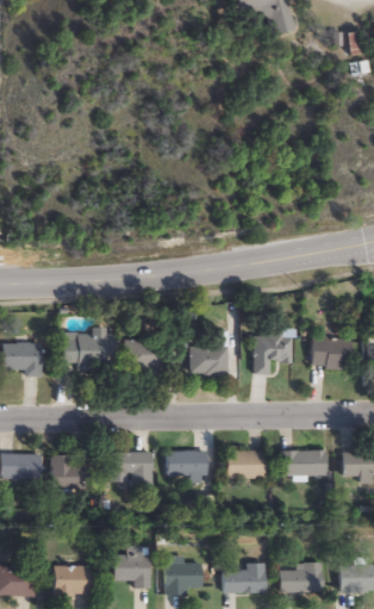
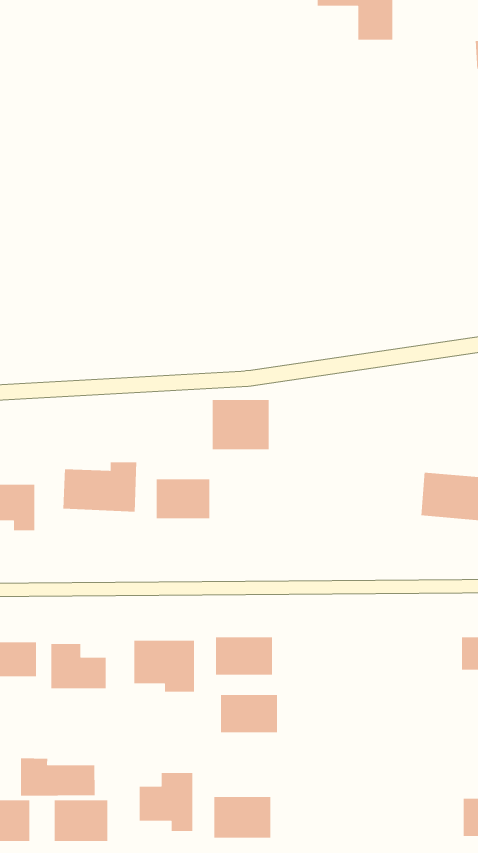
building: [253,333,294,374] -> none
building: [189,338,230,374] -> [212,399,270,450]
building: [224,450,264,478] -> [220,694,278,733]
building: [278,450,325,477] -> none
building: none -> [20,757,96,796]
building: [224,563,269,592] -> none
building: [280,563,325,592] -> none

